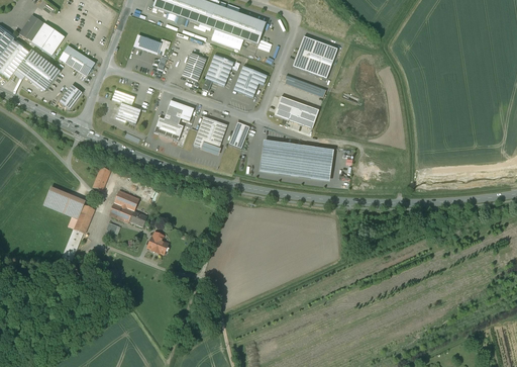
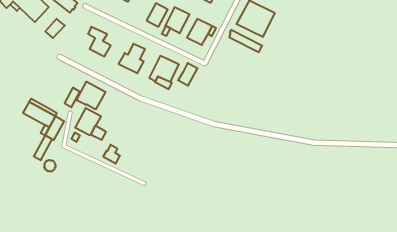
building: [274,95,319,128] -> none
building: [258,140,333,181] -> none
building: none -> [76,82,106,109]

